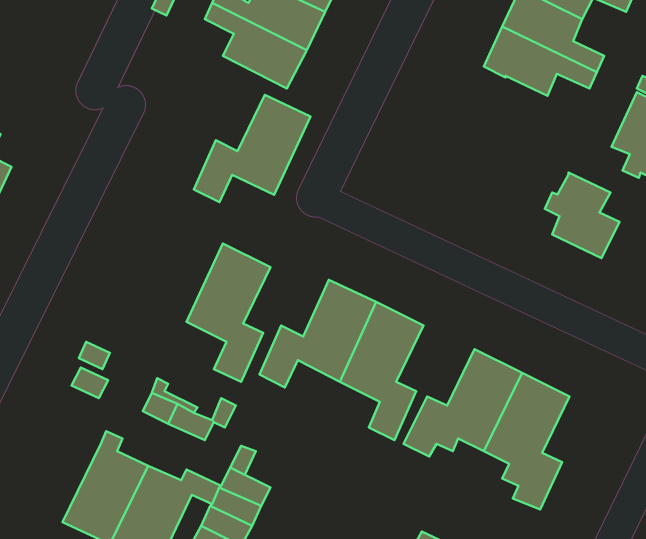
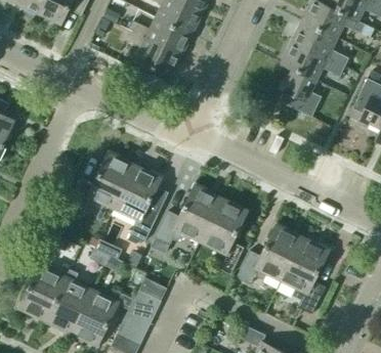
building: [194,95,311,202] -> [70,151,135,212]
building: [545,173,620,258] -> [281,70,323,118]
building: none -> [18,257,67,320]

